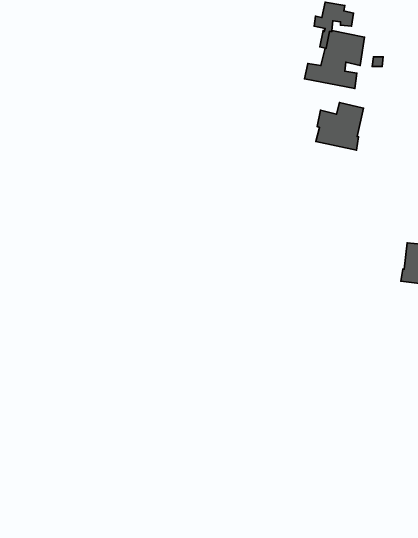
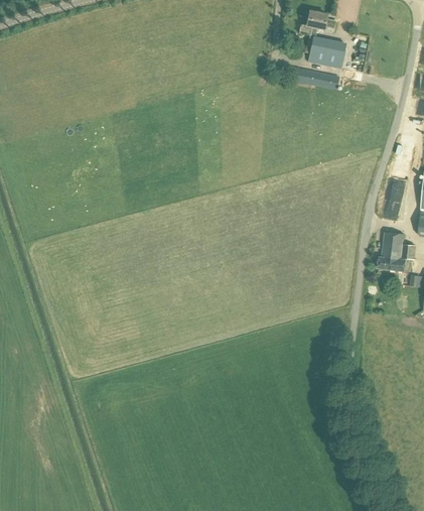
building: [316,103,363,150] -> none

